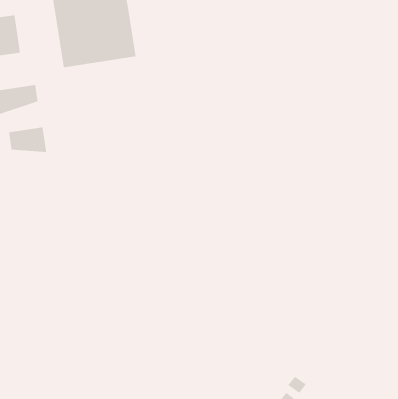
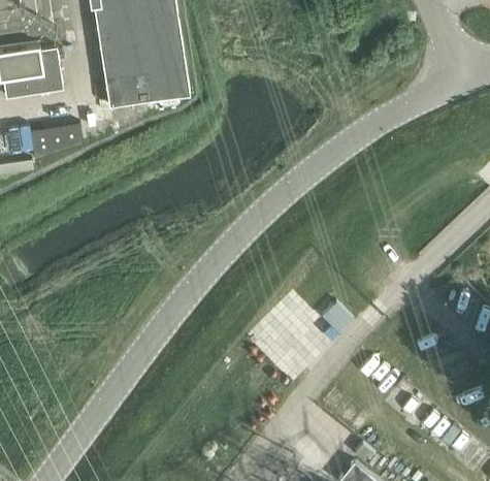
building: [8,126,47,153] -> none

